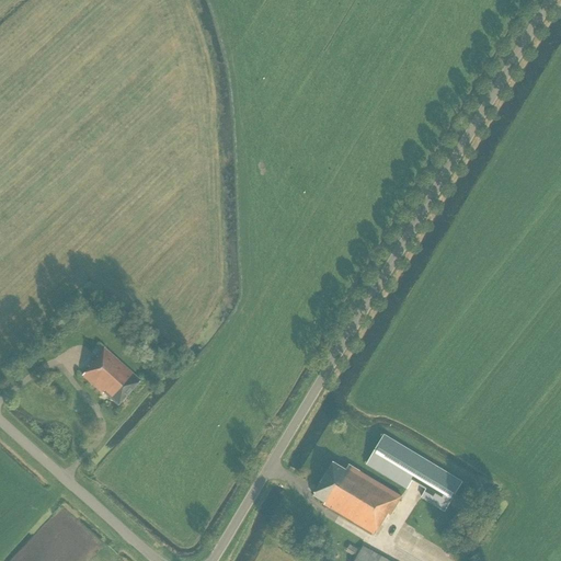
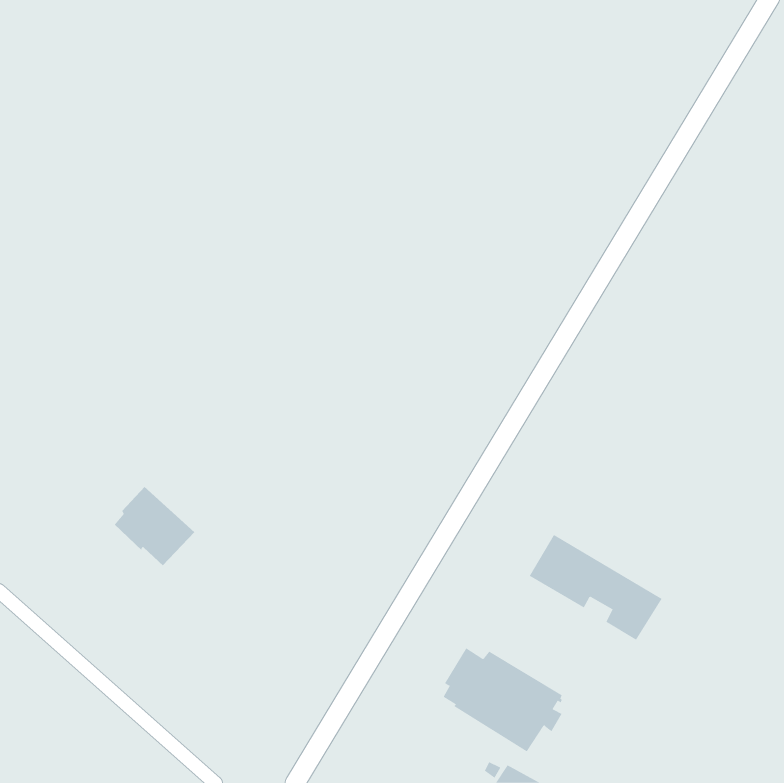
building: [366,434,461,510] -> [529,534,663,640]

